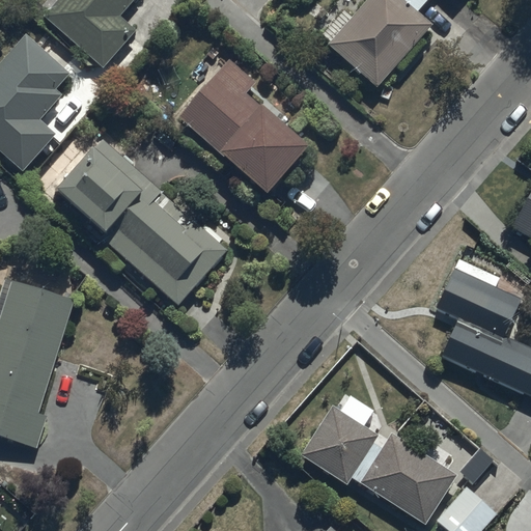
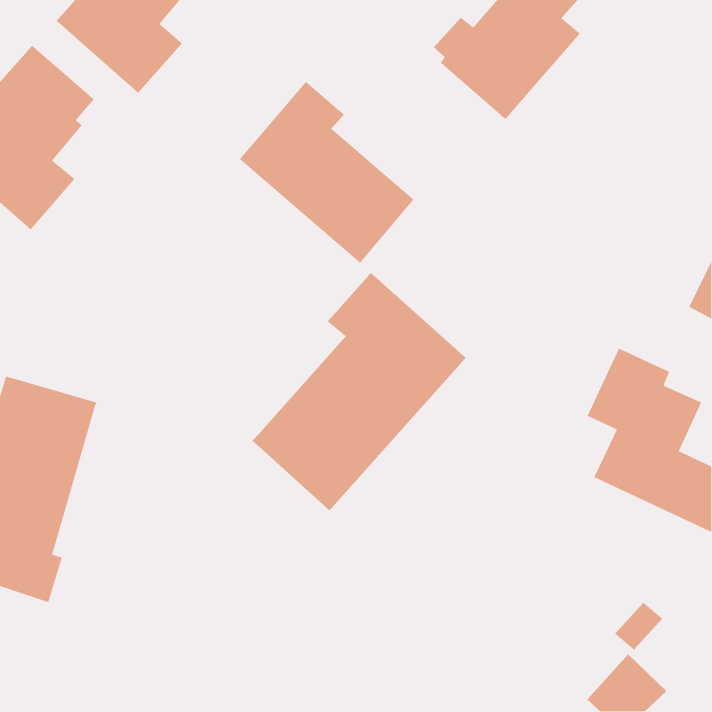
building: [55,140,226,305] -> none
building: none -> [252,272,466,511]
building: [300,394,456,524] -> none

